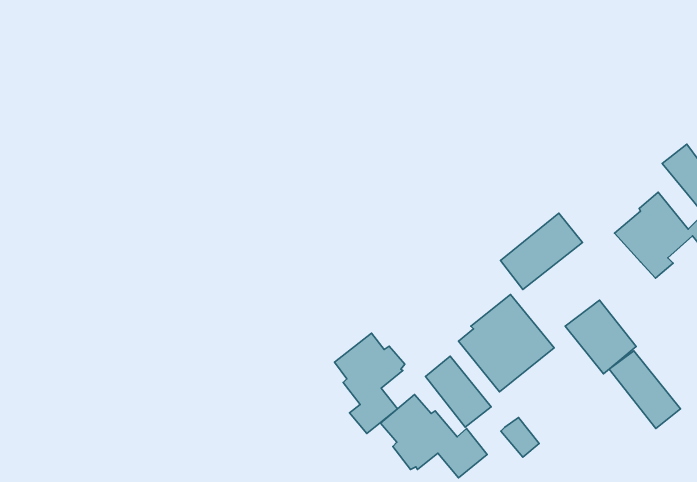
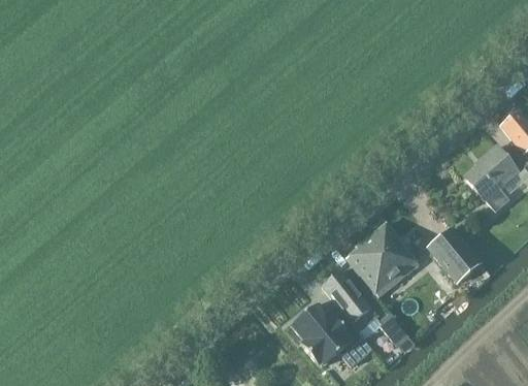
building: [500,213,582,290] -> none
building: [334,333,405,434] -> none
building: [609,351,681,429] -> none

